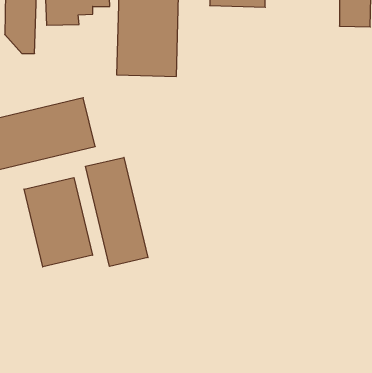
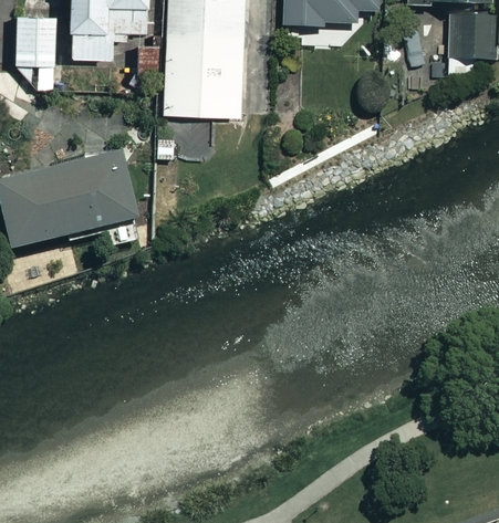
building: [86,157,148,266] -> none
building: [24,178,93,267] -> none

